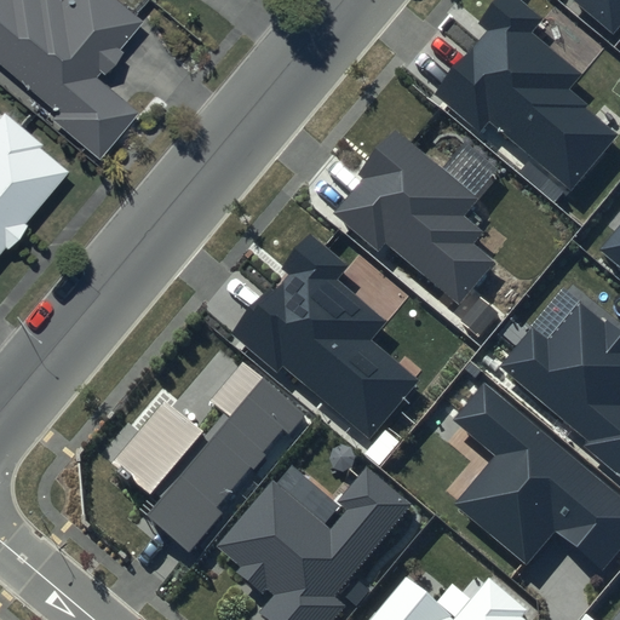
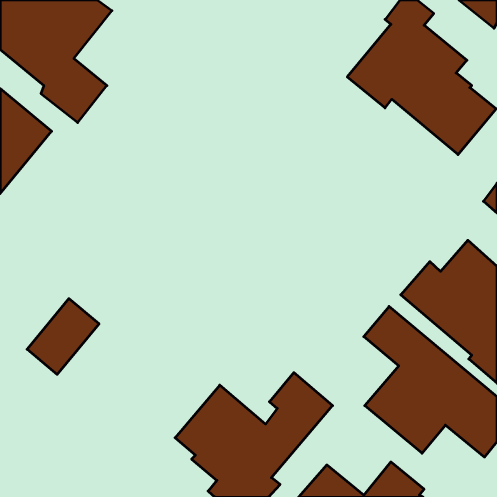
building: [332,132,494,306] -> none
building: [223,232,417,438] -> none
building: [147,362,304,551] -> none
building: [111,400,201,494] -> [27,299,99,374]

